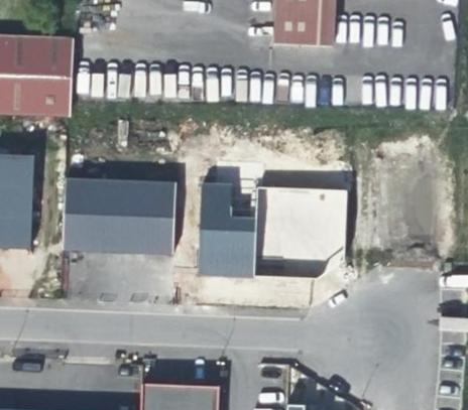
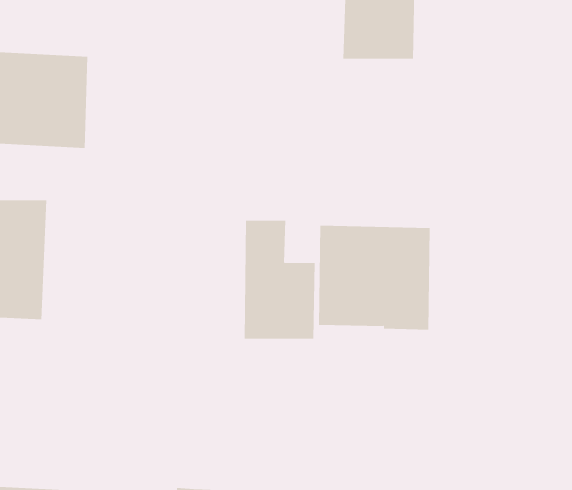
building: [63,189,178,263] -> none

